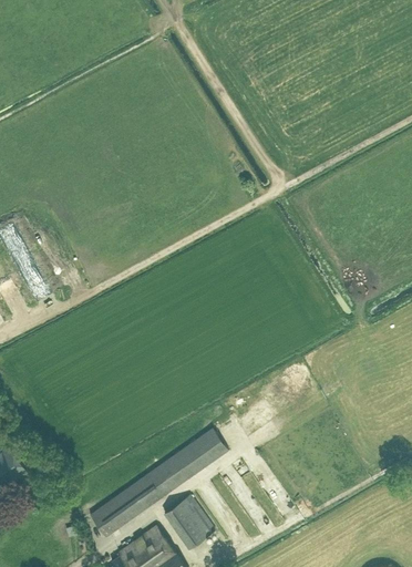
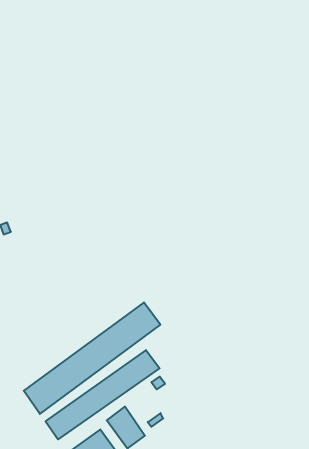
building: none -> [24,302,160,414]

